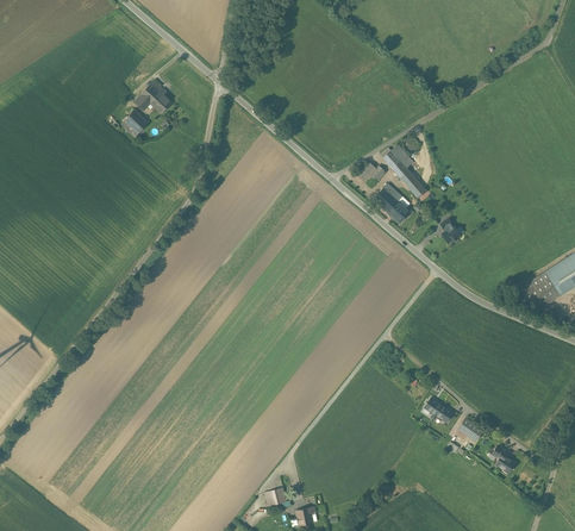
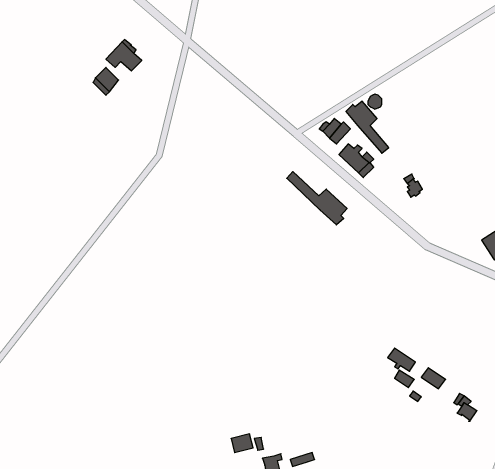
building: none -> [287,172,347,225]

